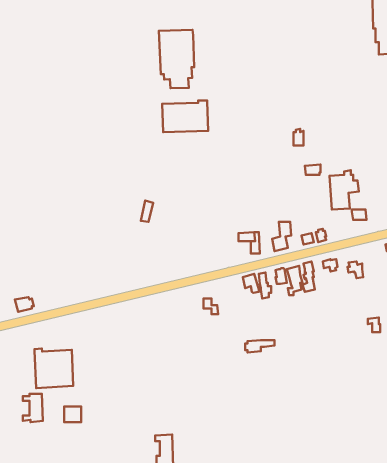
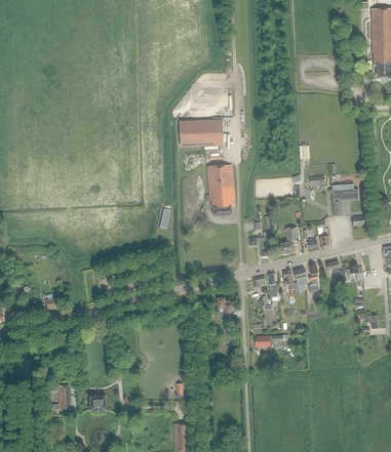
building: [159,30,194,88] -> none
building: none -> [206,163,234,215]
building: [34,349,73,388] -> none

